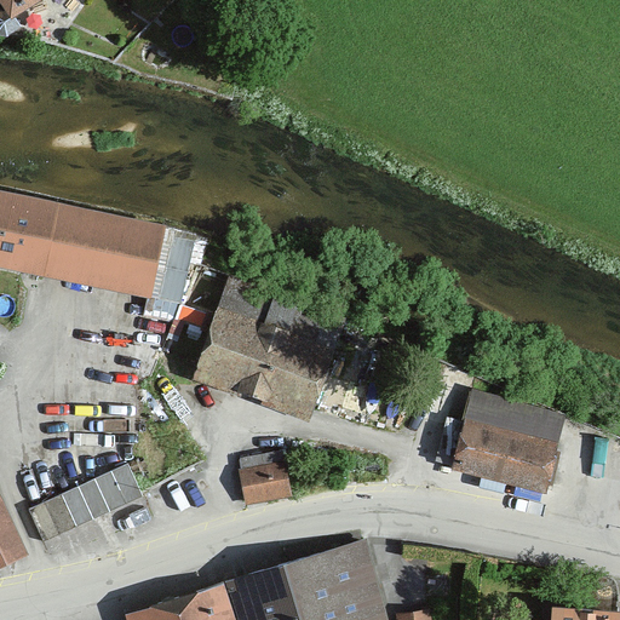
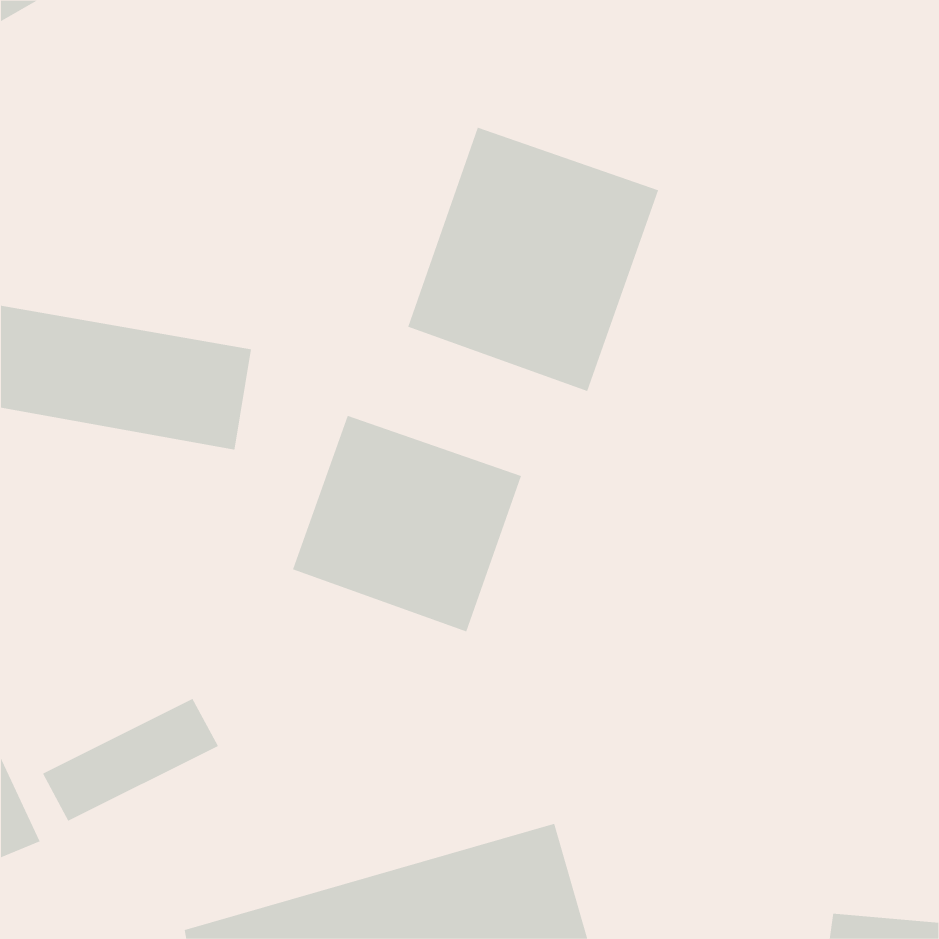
building: none -> [407,127,659,392]
building: [448,388,569,487] -> none
building: [240,455,292,501] -> none

